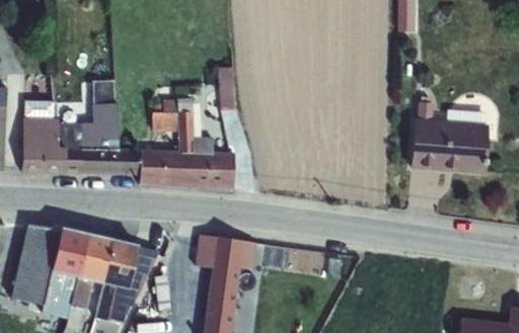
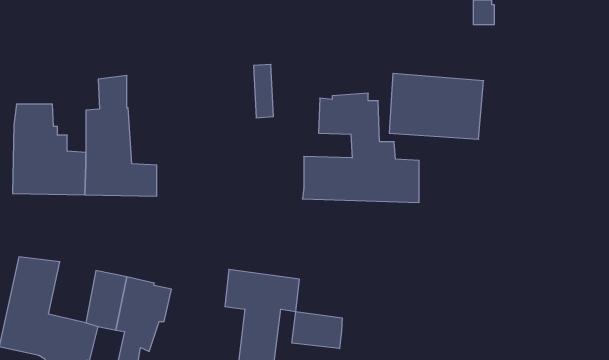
building: [139,97,234,186] -> [302,93,419,203]
building: [412,118,489,172] -> [389,73,484,139]
building: [52,228,90,277] -> none
building: none -> [292,312,342,349]

